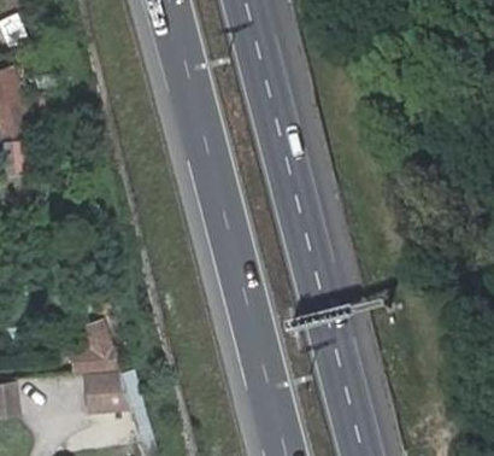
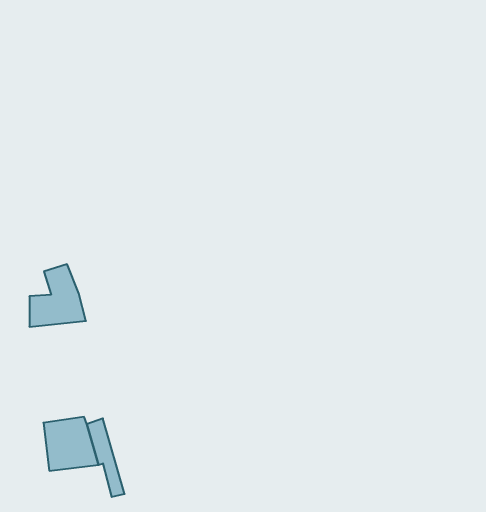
building: [69,322,116,374] -> [29,264,86,327]

